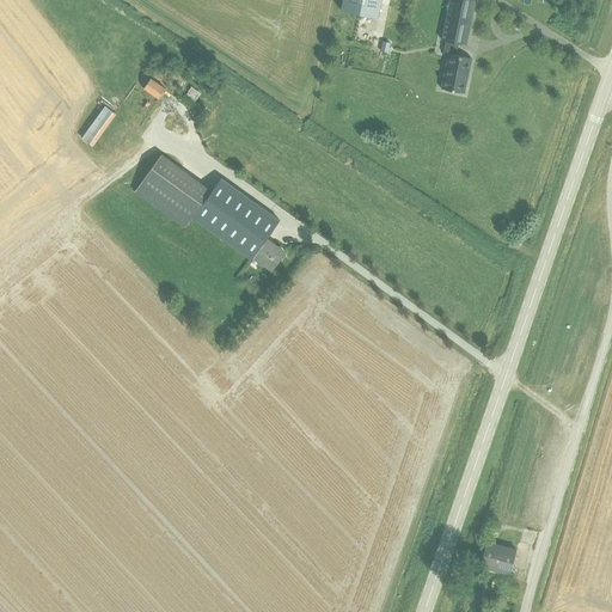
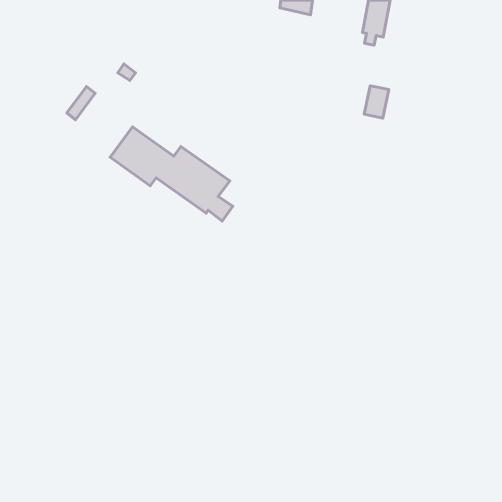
building: [441,54,471,93] -> [364,86,389,118]
building: [479,541,516,575] -> none

